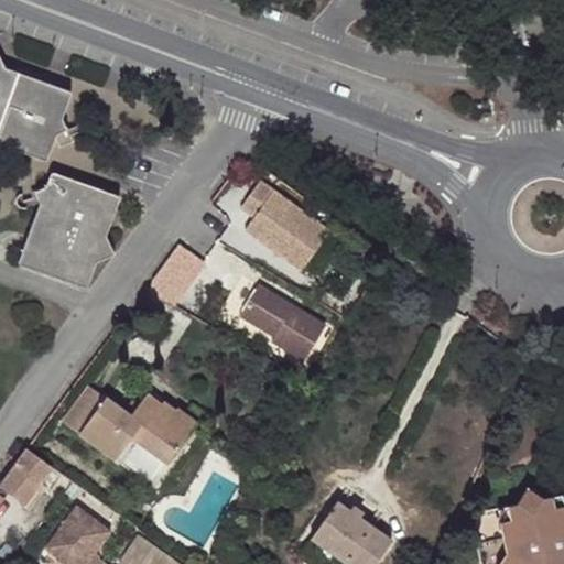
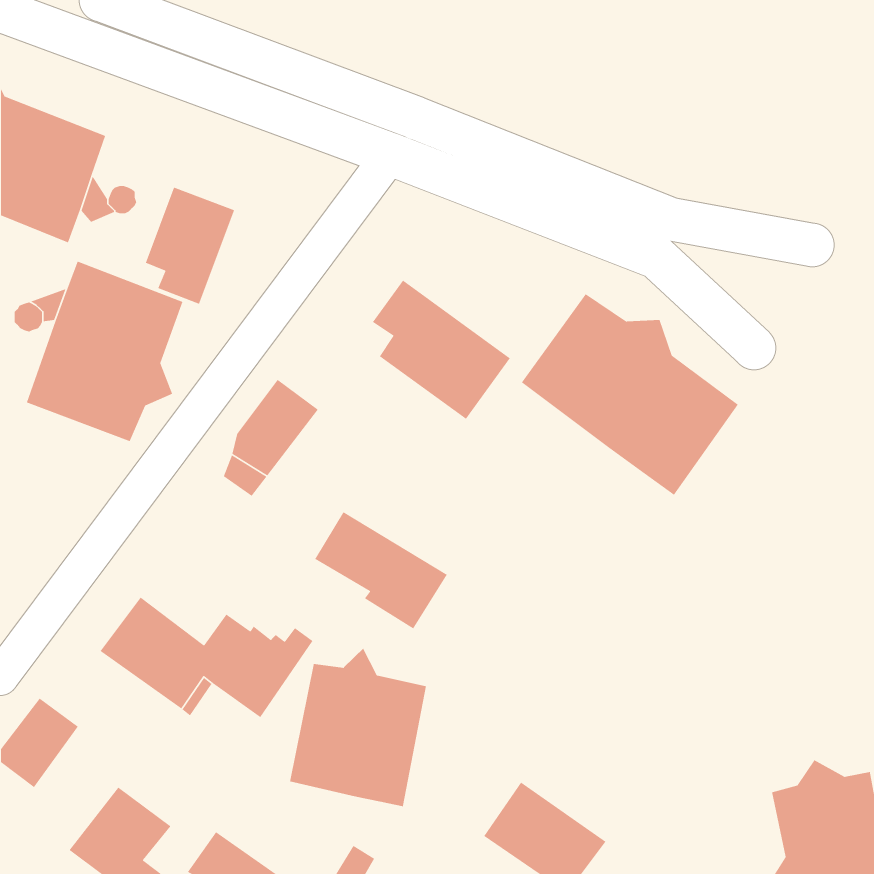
building: none -> [145,187,235,305]
building: none -> [521,293,739,496]
building: [239,285,325,361] -> [314,511,448,629]
building: none -> [289,648,427,807]

